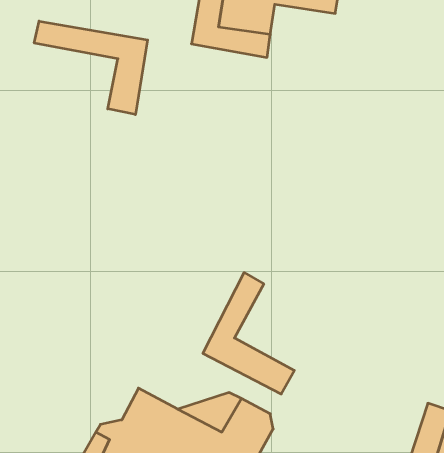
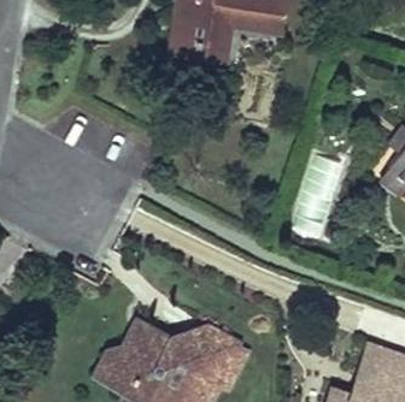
building: [34,21,148,115] -> none
building: [203,273,294,394] -> none

